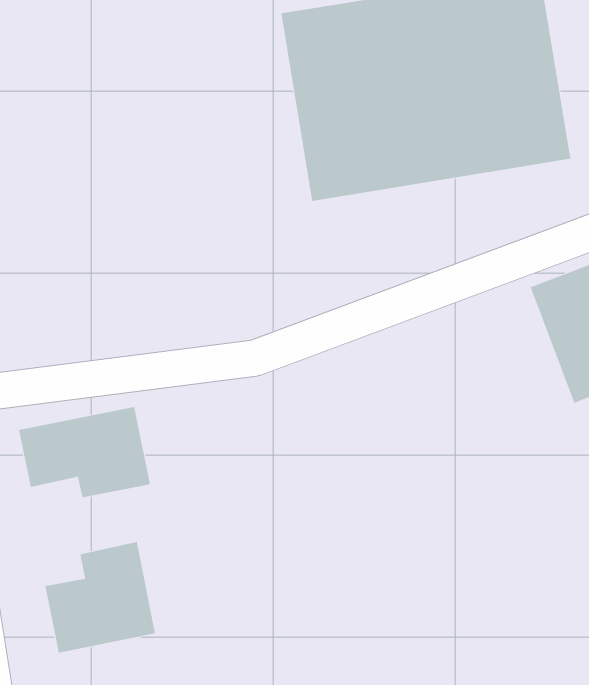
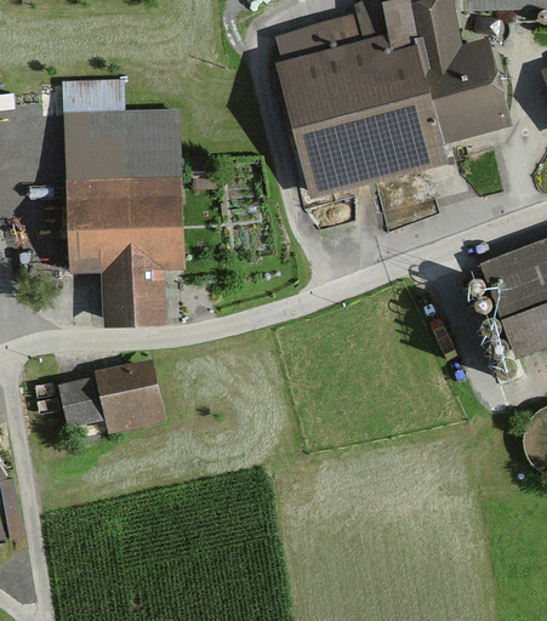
building: none -> [67,80,183,319]
building: [45,541,156,654] -> none

